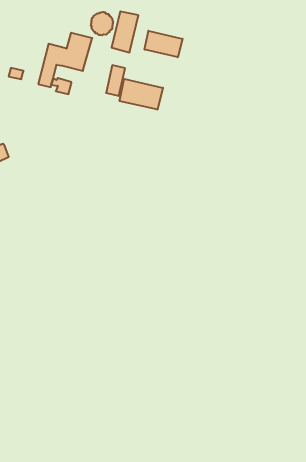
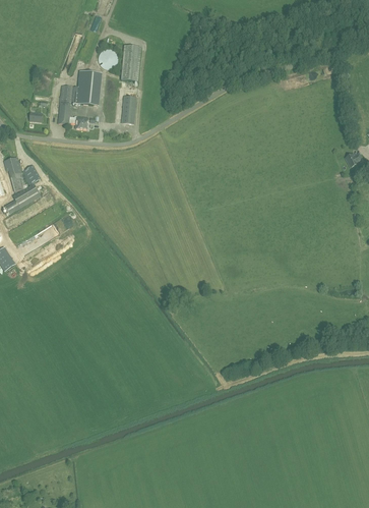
building: [145,31,183,57] -> none
building: [120,79,163,110] -> none

